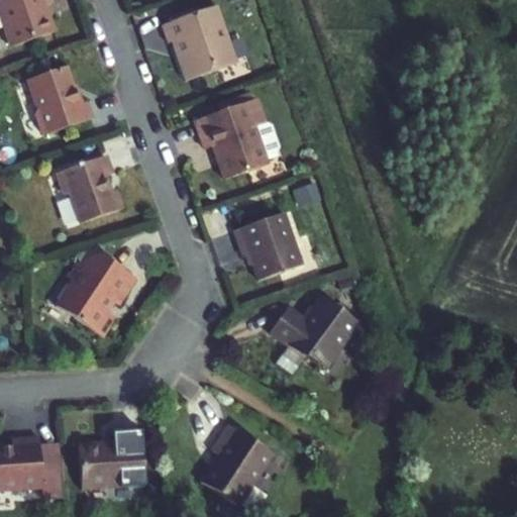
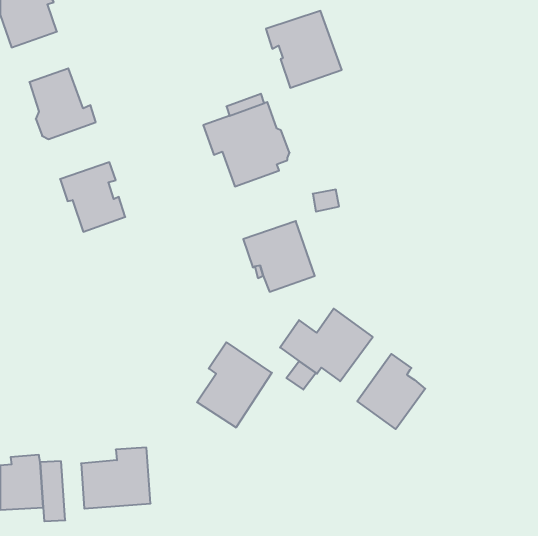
building: [163,6,235,80] -> [266,11,342,88]
building: [56,252,135,334] -> none
building: none -> [357,354,425,429]
building: [200,424,272,506] -> [197,342,272,427]

